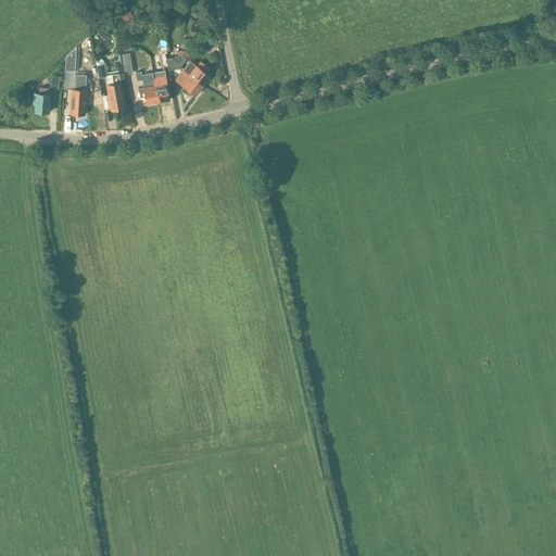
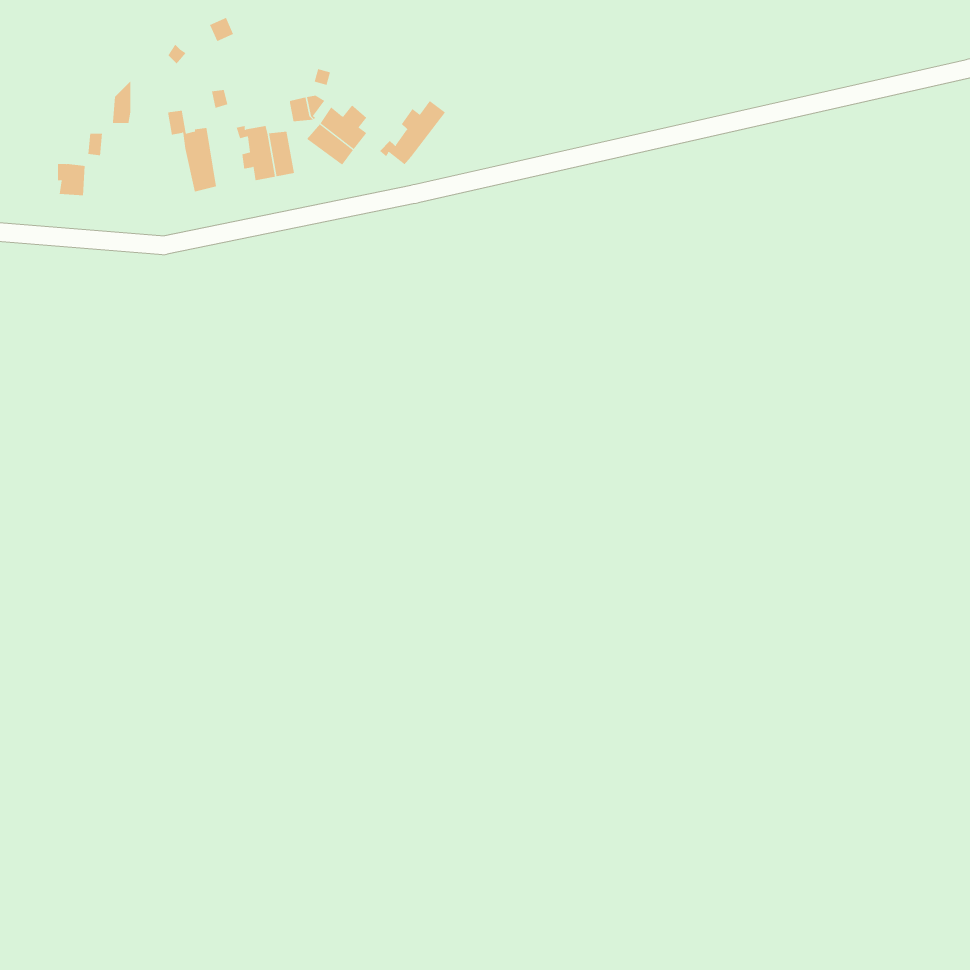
building: none -> [379,100,446,165]
building: [70,74,86,115] -> none

